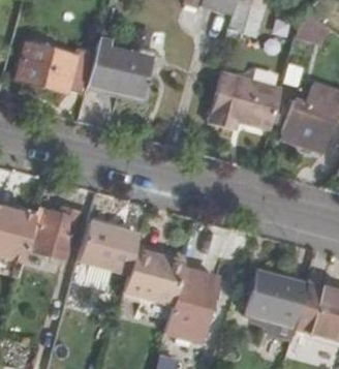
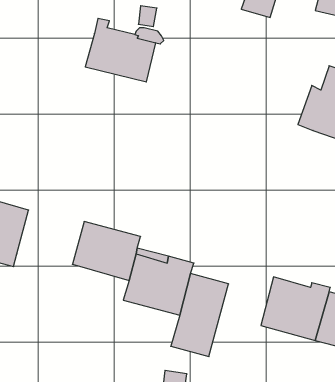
building: [19,45,98,94] -> none
building: [208,73,280,131] -> none
building: [29,208,80,260] -> none

